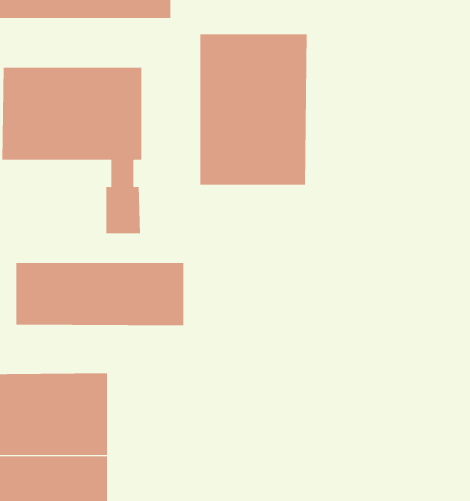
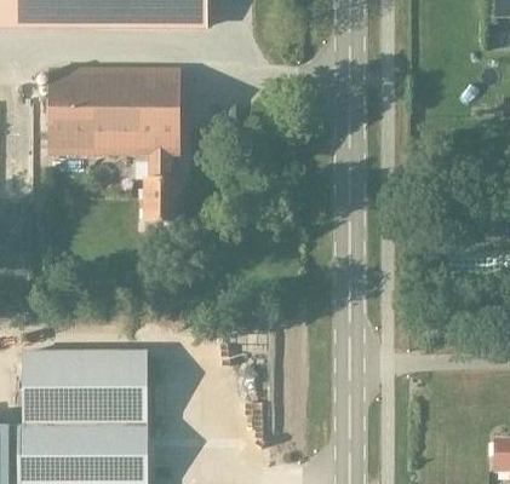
building: [200,33,307,185] -> none
building: [16,262,184,326] -> none

